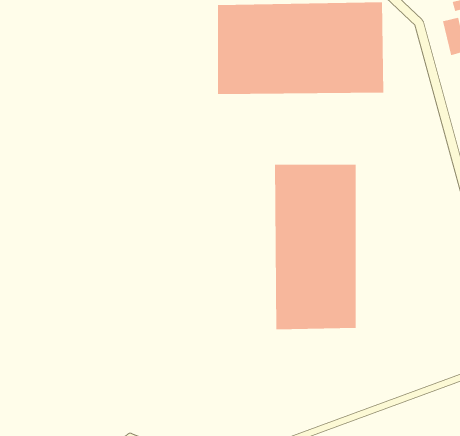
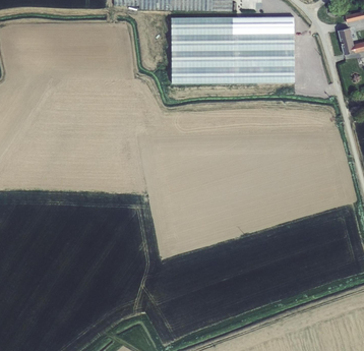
building: [274,164,356,330] -> none

